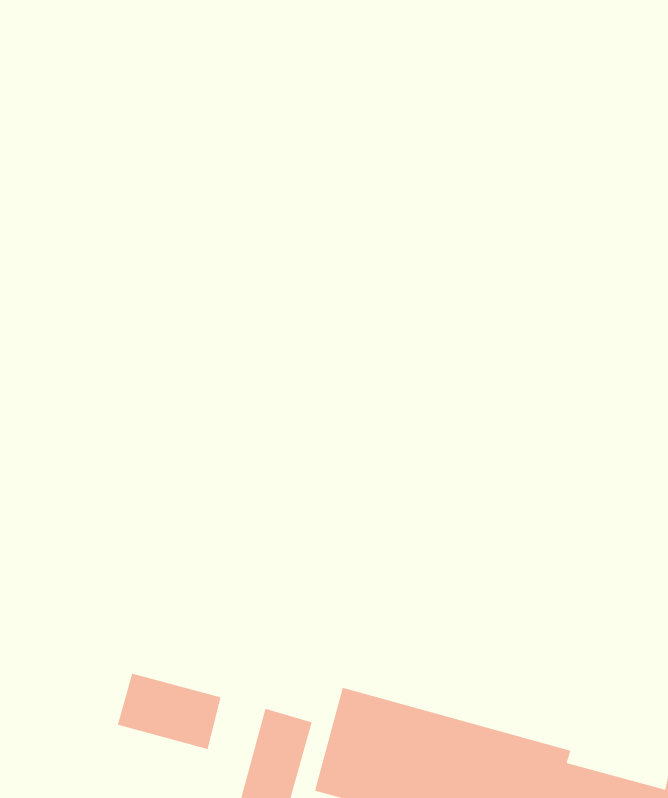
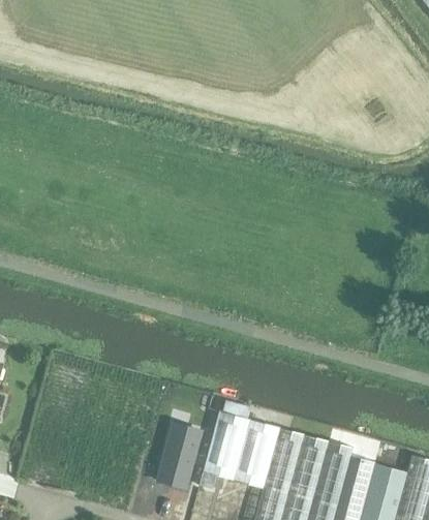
building: [117,673,221,750] -> none

